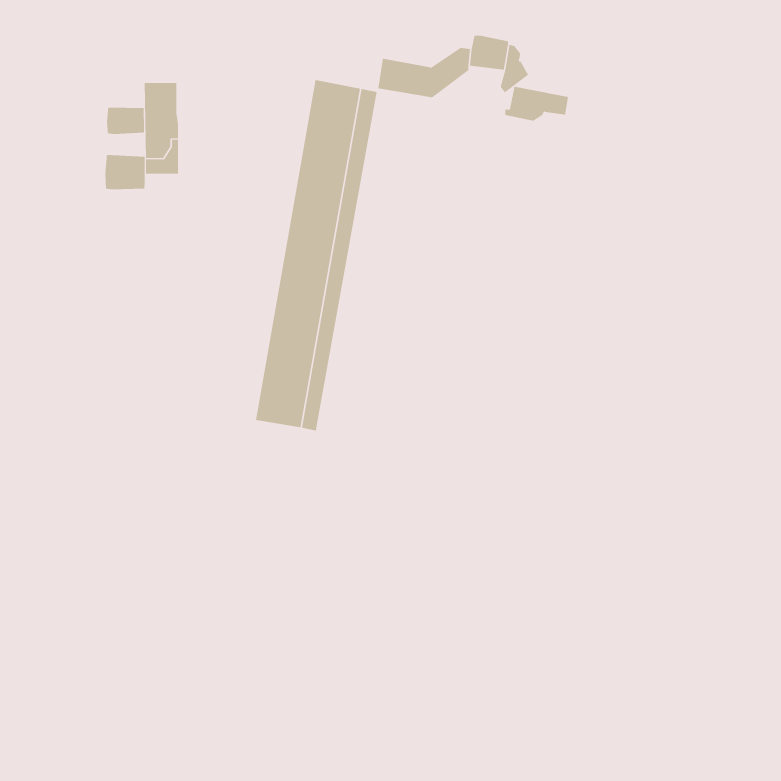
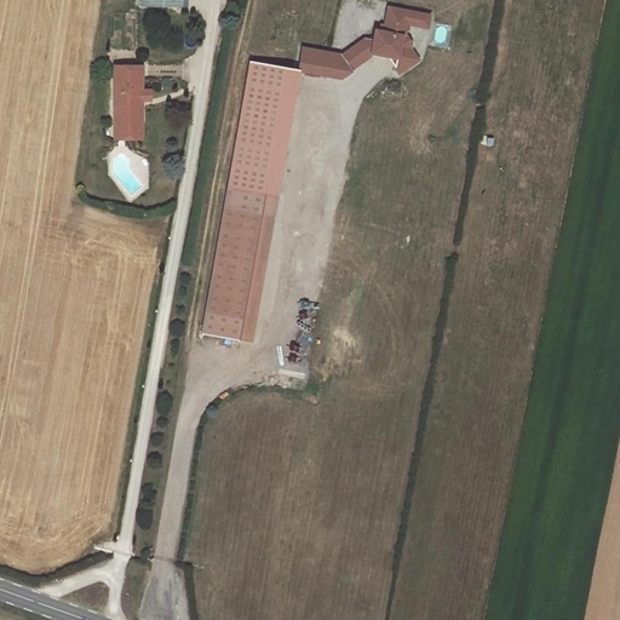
building: [505,86,569,121] -> [380,5,431,33]
building: [107,107,145,135] -> none
building: [105,154,145,190] -> none

